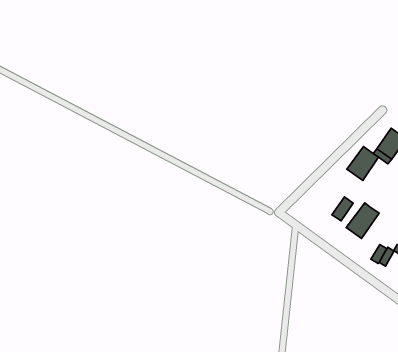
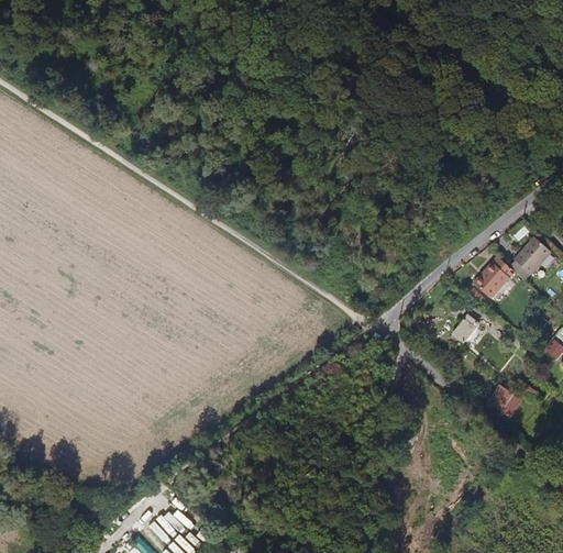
building: [346,203,379,239] -> none

